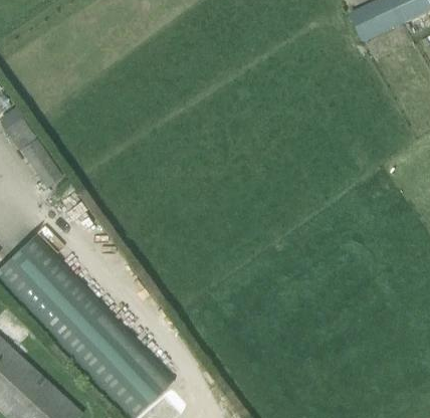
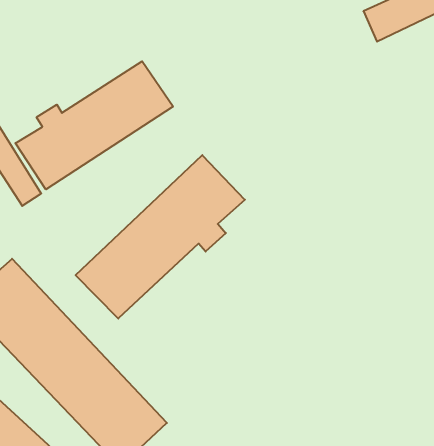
building: none -> [15,61,173,189]
building: none -> [76,155,245,319]

